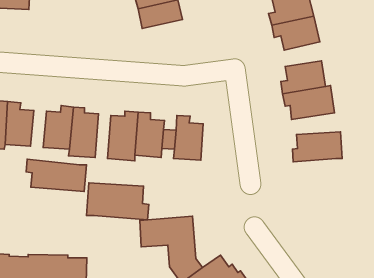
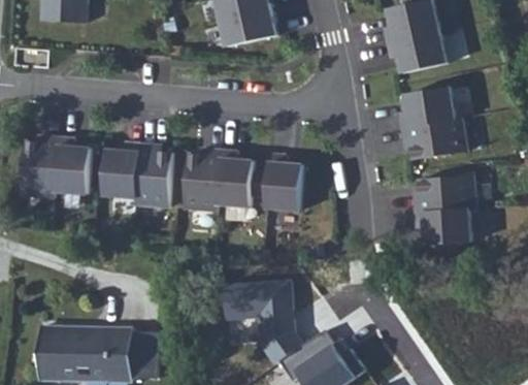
building: none -> [415,208,471,245]
building: [26,159,87,192] -> none
building: [86,183,149,220] -> none

